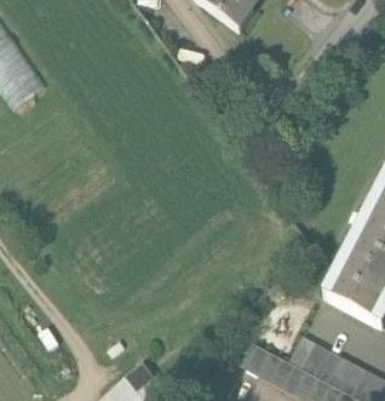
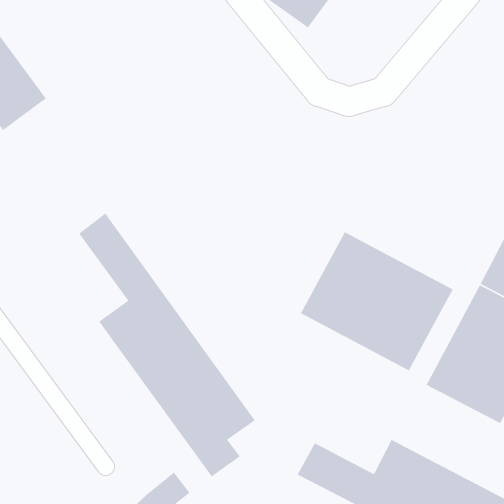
building: none -> [78,212,256,478]
building: none -> [300,231,454,371]

